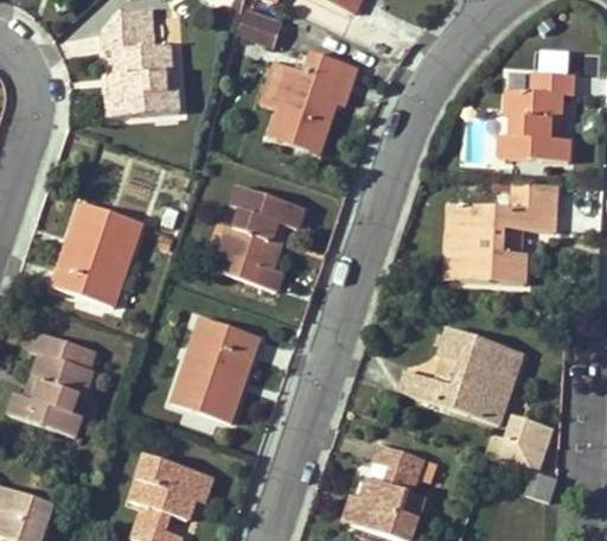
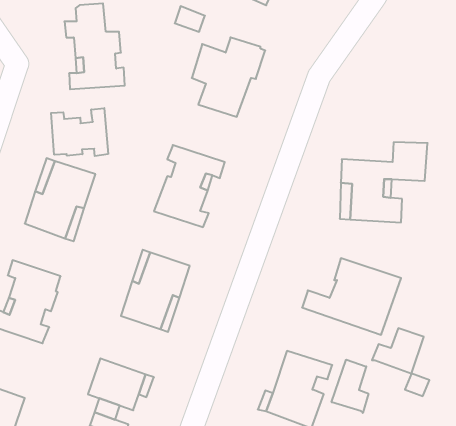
building: [499,72,574,160] -> none
building: none -> [51,108,108,156]
building: none -> [332,360,368,413]

